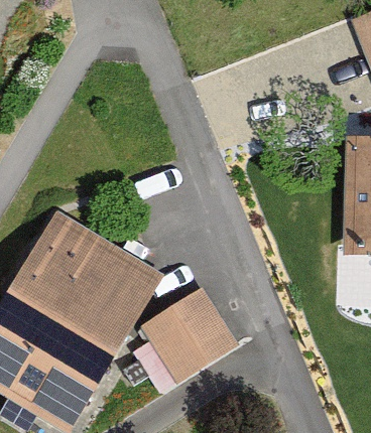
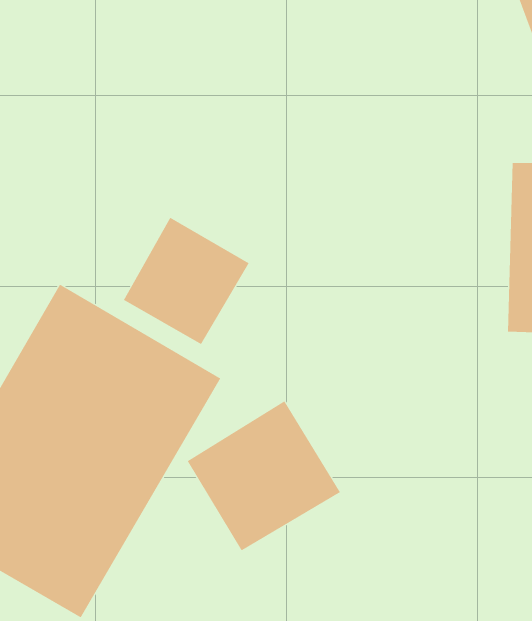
building: none -> [123,217,249,345]

